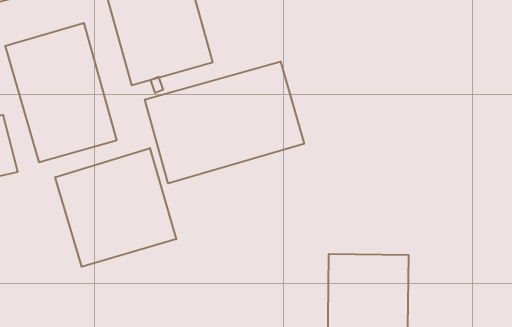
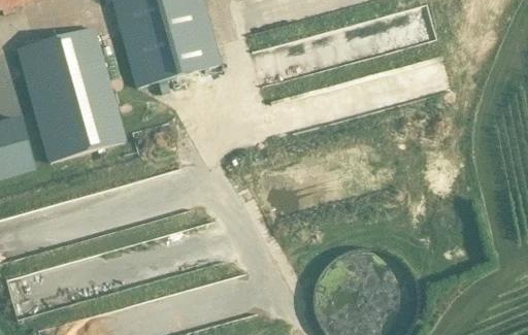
building: [145,61,304,183] -> none
building: [55,148,176,267] -> none

